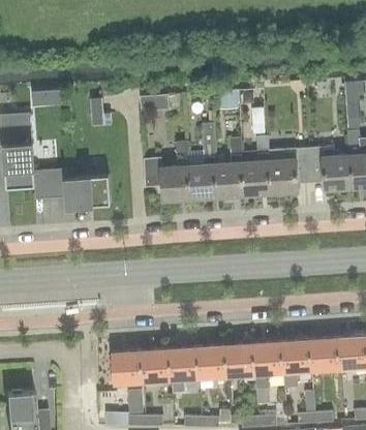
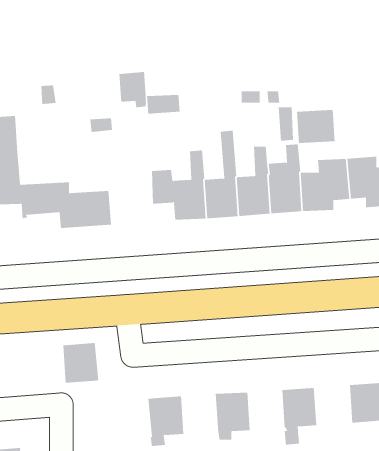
building: none -> [119,71,146,108]
building: none -> [297,109,335,144]
building: [281,339,312,388] -> none
building: [225,343,255,377] -> none
building: [170,346,200,380] -> none
building: [113,350,144,385] -> [62,343,99,383]

